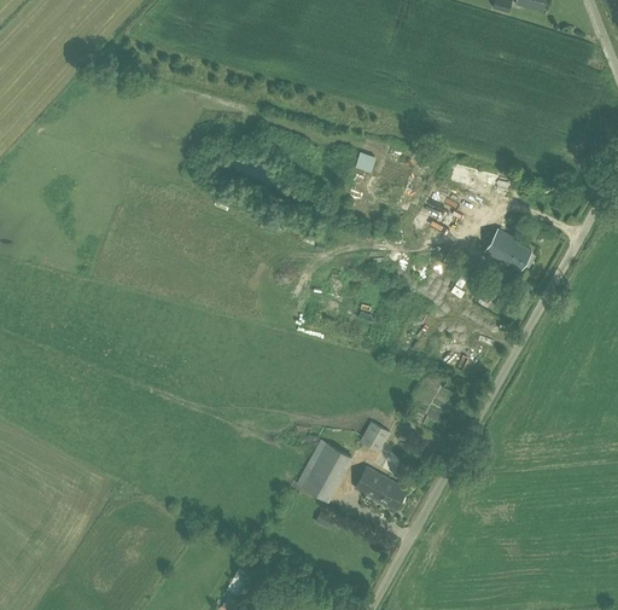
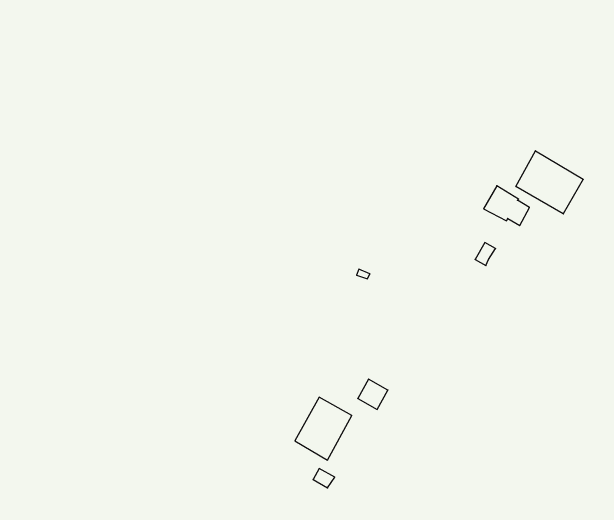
building: none -> [516,151,583,214]
building: [354,467,407,511] -> none

